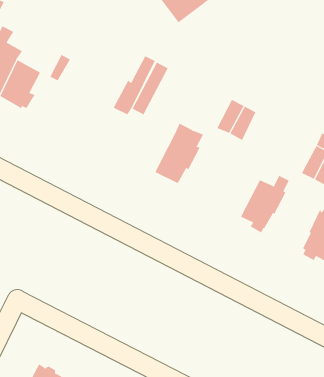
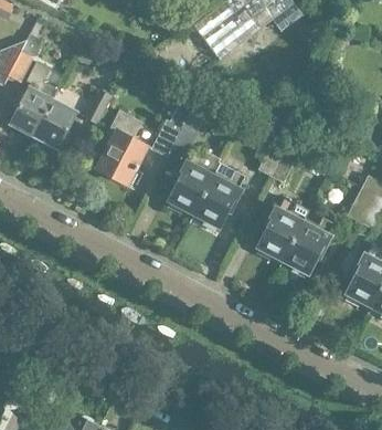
building: none -> [97,112,147,185]
building: none -> [169,150,220,214]
building: none -> [258,198,303,261]

